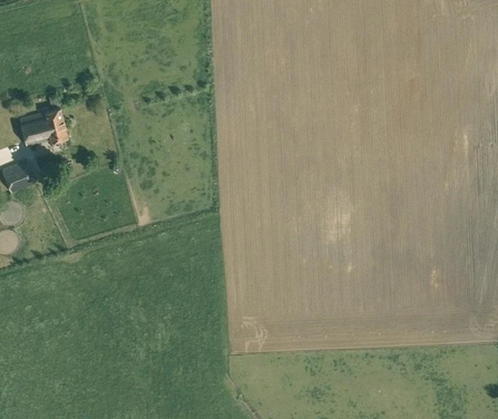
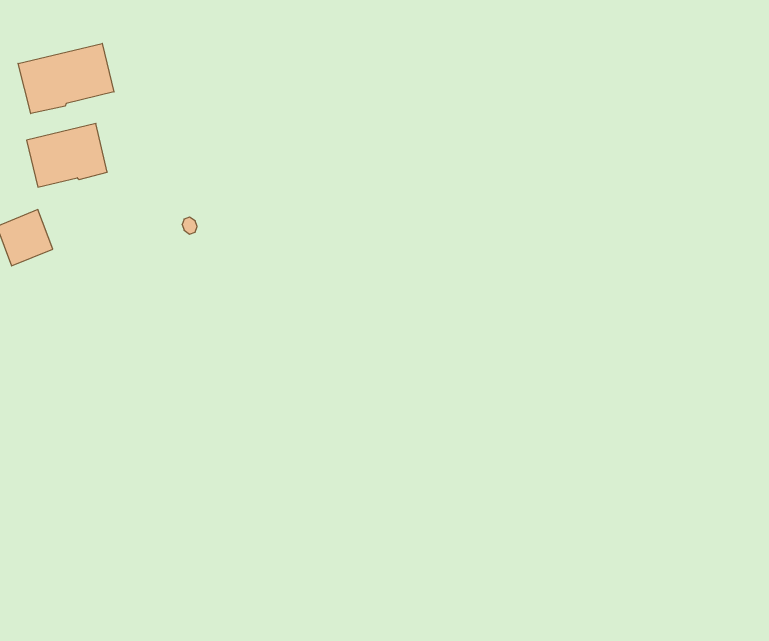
building: none -> [18,43,114,114]

